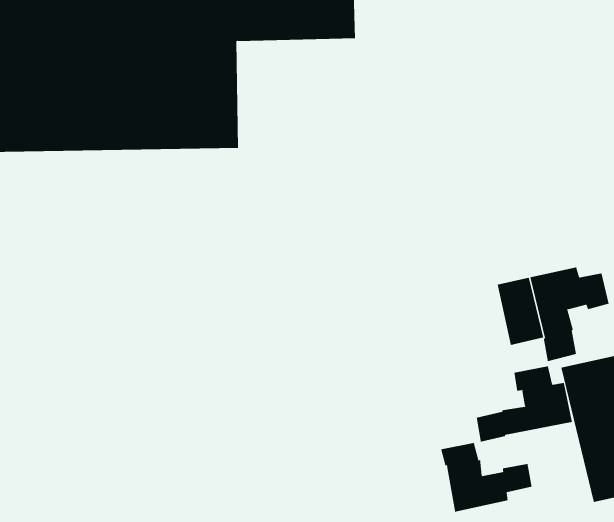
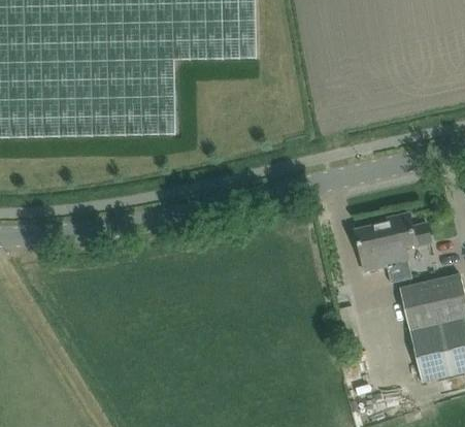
building: [476,365,573,443] -> none
building: [440,442,532,513] -> none

